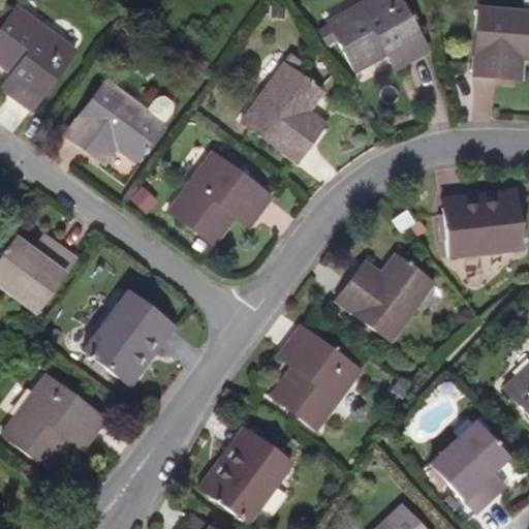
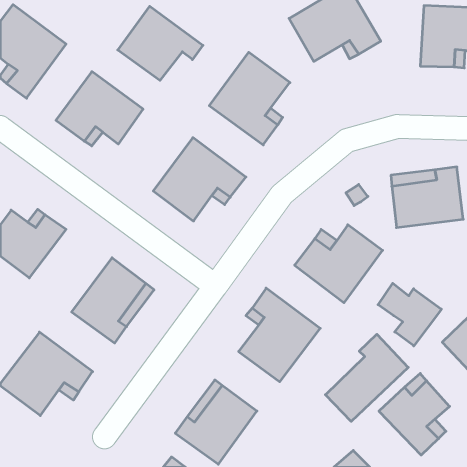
building: none -> [118,6,203,80]
building: none -> [378,283,441,346]
building: none -> [325,334,408,421]

